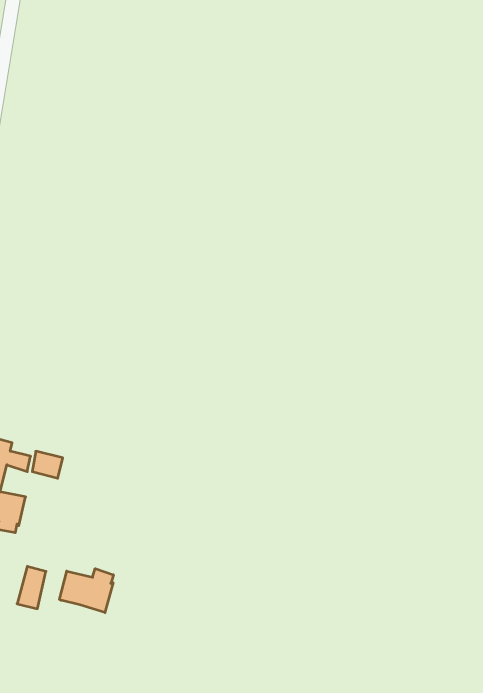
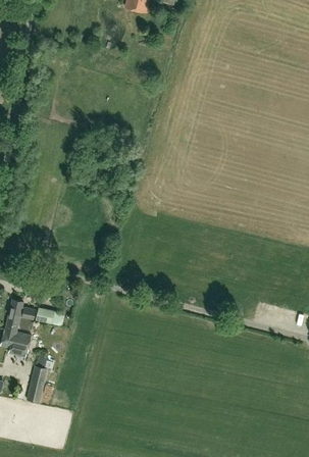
building: [59,569,113,613] -> none

